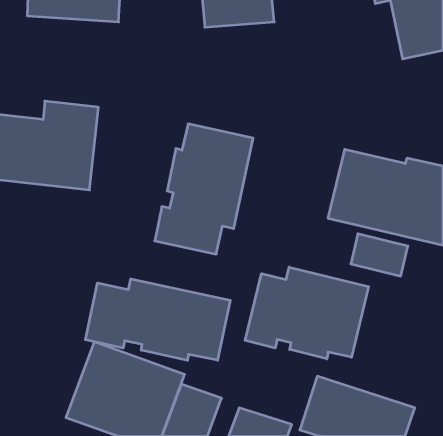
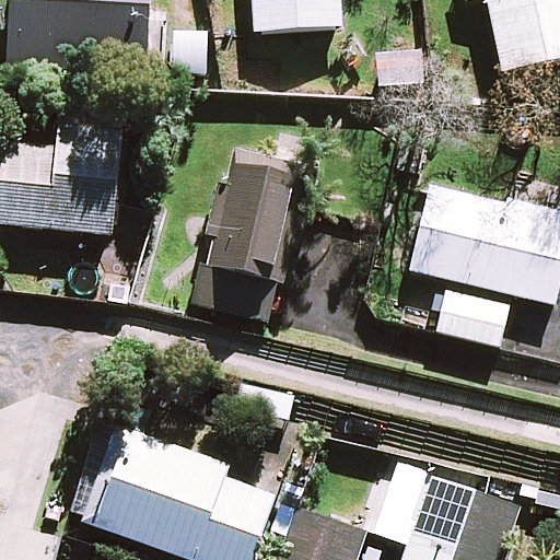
building: [245,267,369,359] -> none
building: [85,279,230,360] -> none

